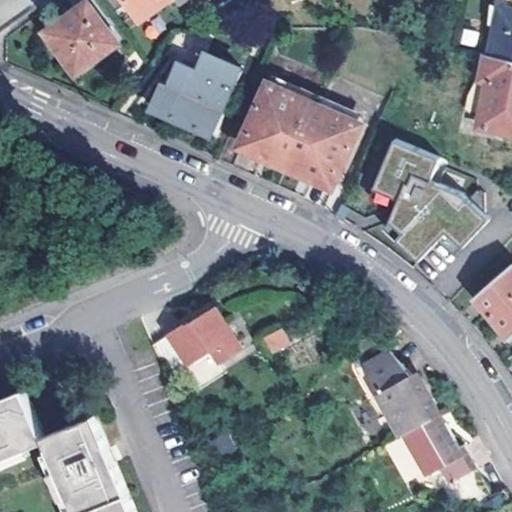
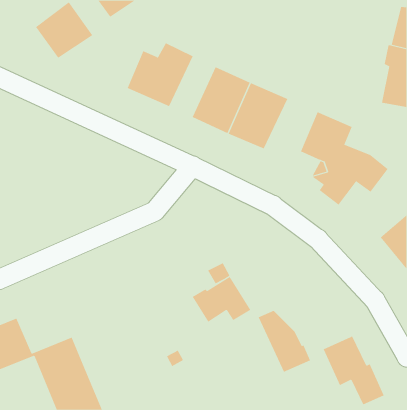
building: [164,310,238,368] -> [192,276,251,323]
building: [370,357,436,435] -> [258,310,311,373]

